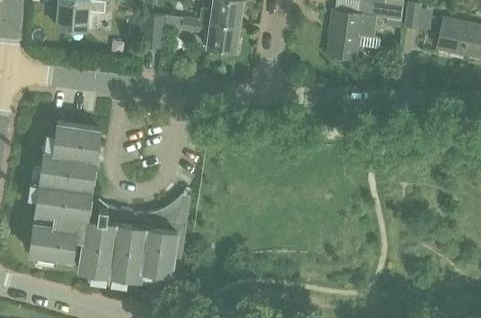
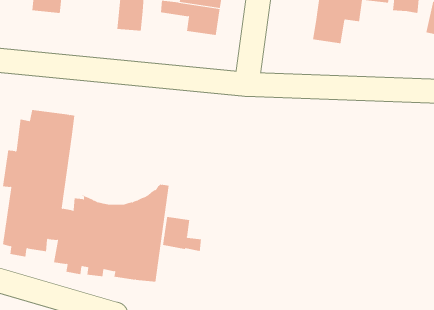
building: none -> [162,216,201,252]

